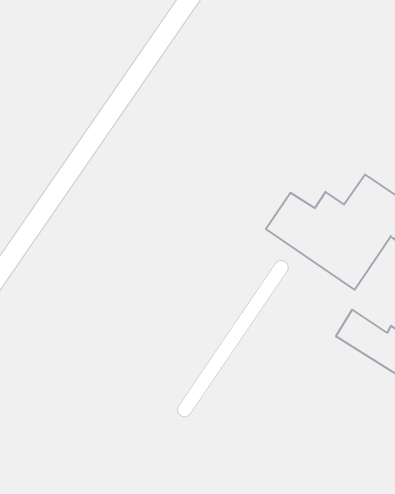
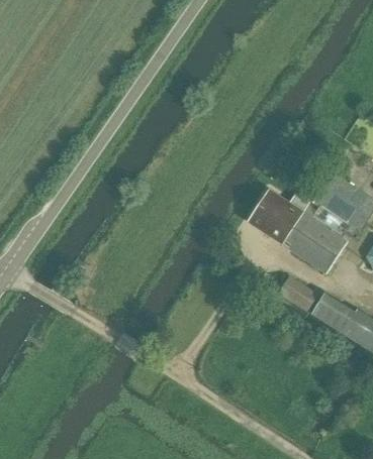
building: none -> [276,275,318,314]

